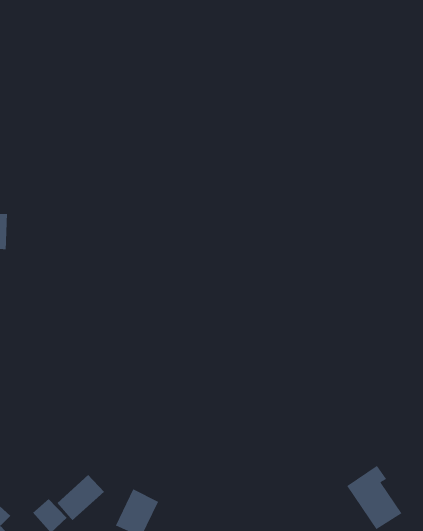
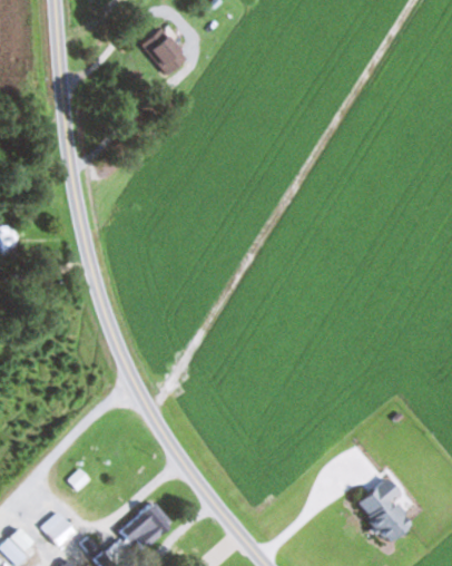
building: none -> [140,27,187,75]
building: [56,474,105,521] -> none

